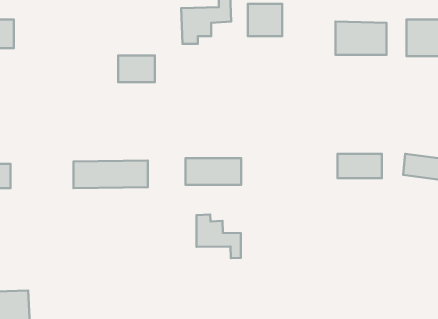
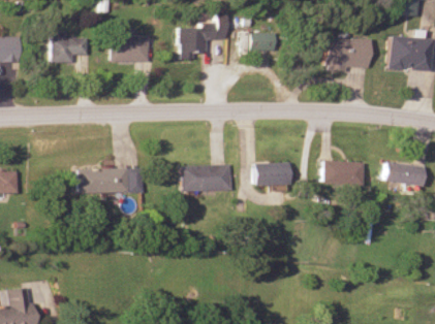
building: none -> [49,33,87,64]
building: [118,56,155,82] -> [115,37,149,62]
building: none -> [254,163,291,185]
building: [196,215,241,258] -> none

